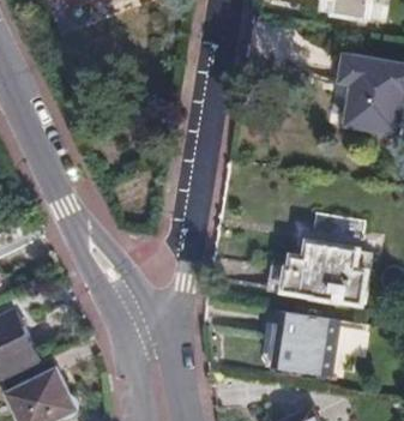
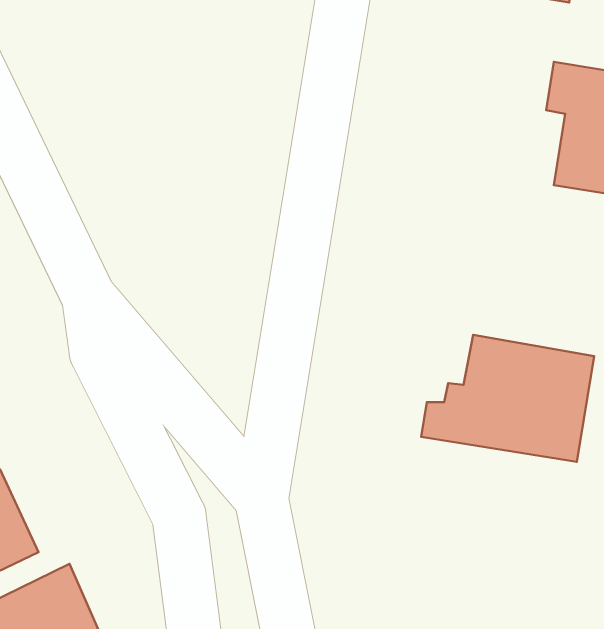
building: [269,309,337,377] -> none

